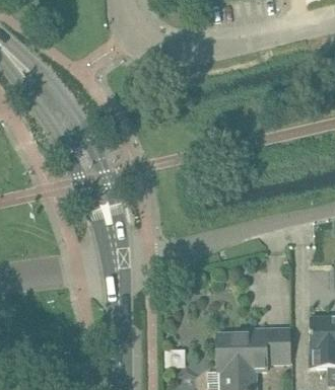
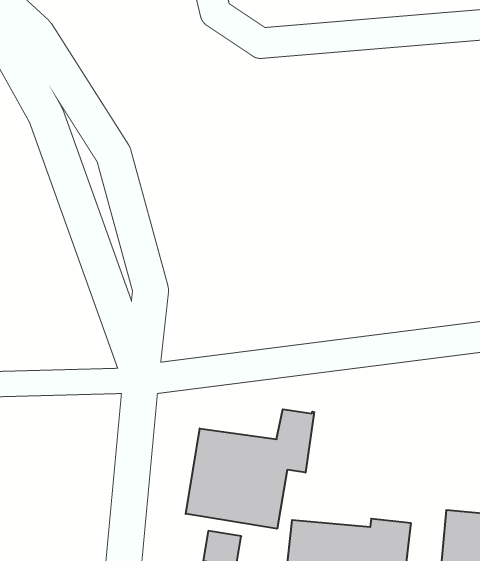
building: none -> [186,409,314,529]

